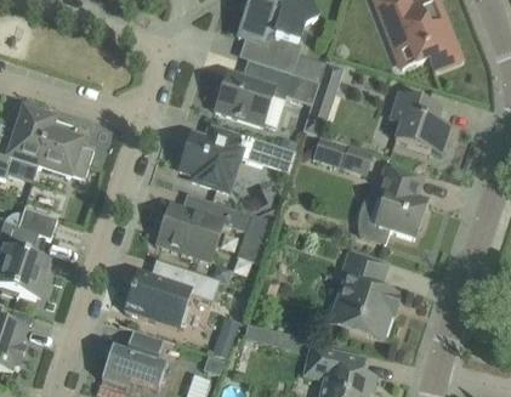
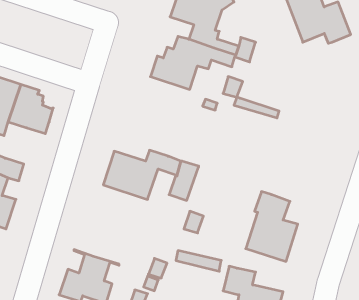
building: [390,90,448,154] -> none
building: [180,123,269,191] -> none
building: [357,166,424,244] -> none
building: [124,259,220,328] -> none

